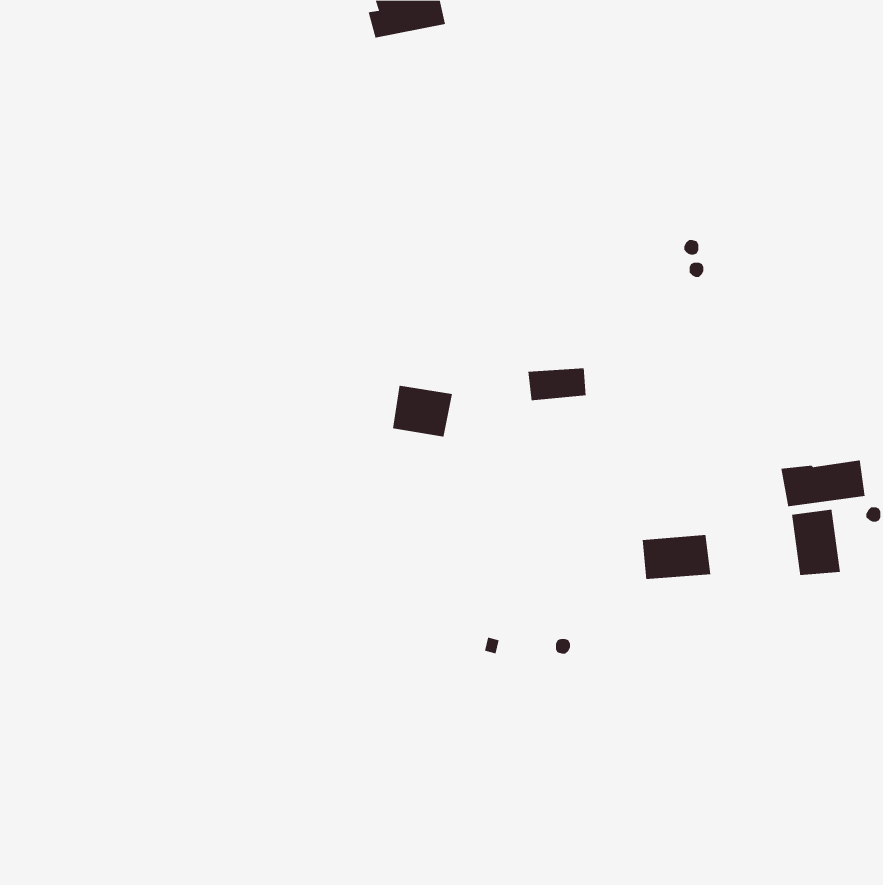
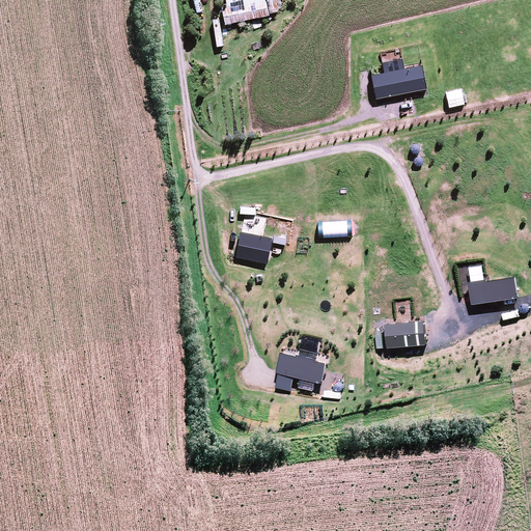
building: none -> [369,64,424,99]
building: [792,509,841,576] -> none
building: none -> [275,351,326,383]

